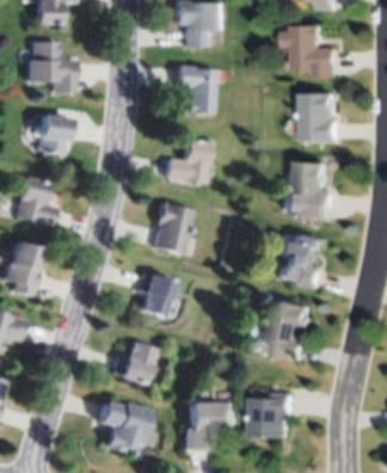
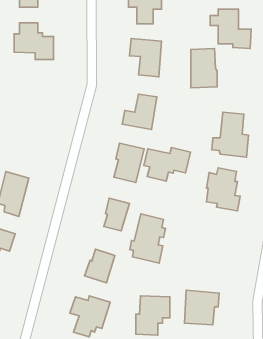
building: [302,92,337,143] -> [191,49,217,88]
building: [35,115,78,154] -> none
building: [17,177,60,228] -> none
building: none -> [144,148,190,181]
building: [264,299,311,363] -> [130,214,165,263]

